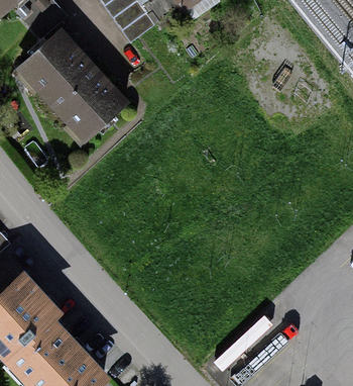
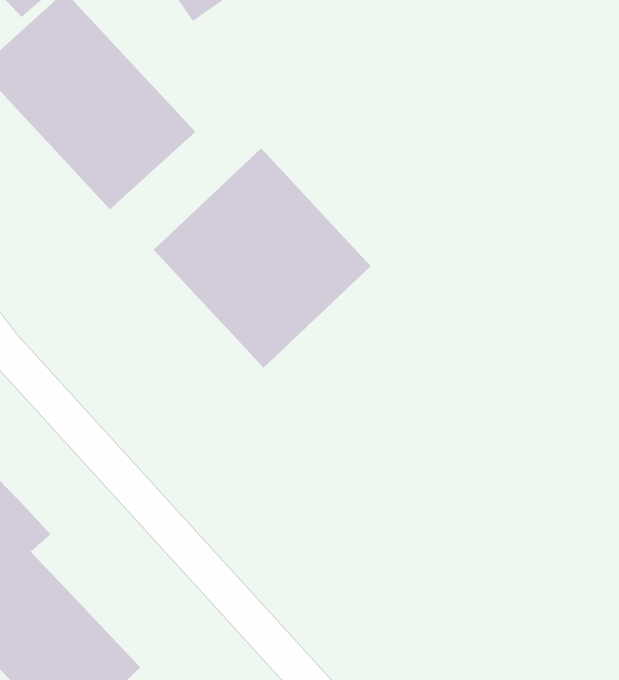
building: none -> [153,148,372,368]

